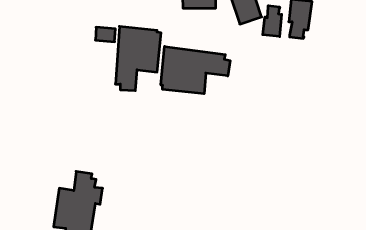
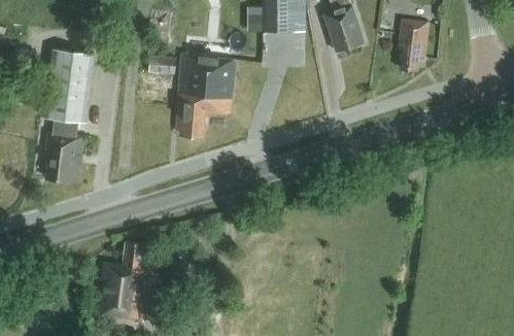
building: [263,6,282,37] -> none
building: none -> [43,46,91,180]
building: [161,46,230,94] -> none

